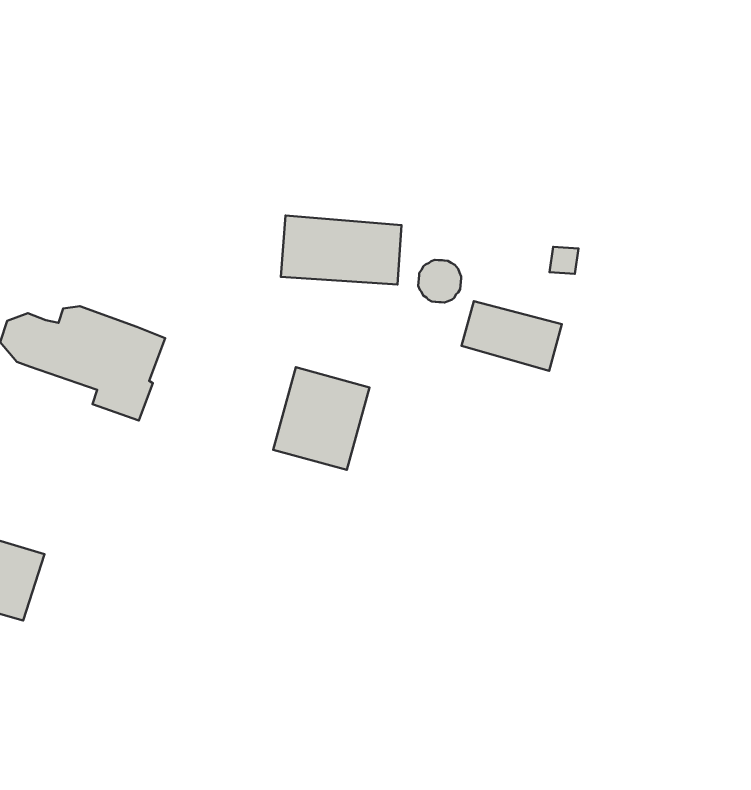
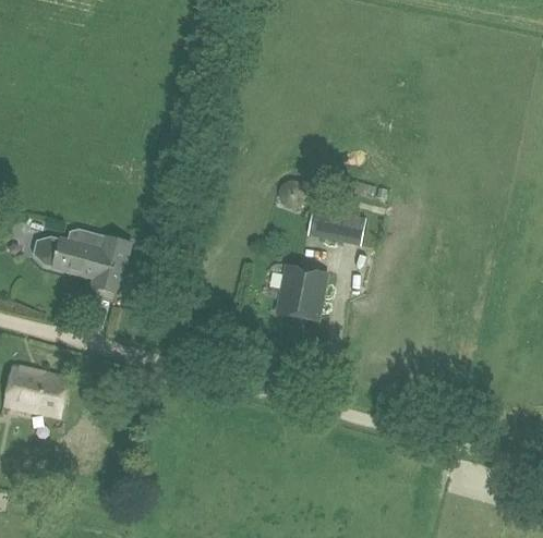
building: [281,216,401,284] -> none
building: [273,367,369,470] -> [274,264,328,322]

